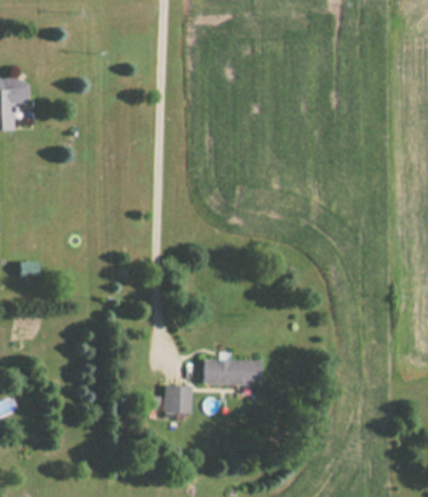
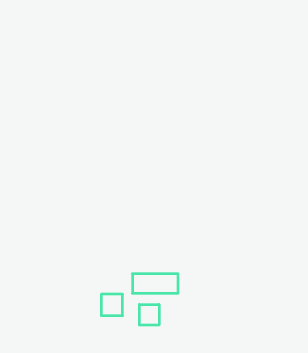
building: none -> [139,304,159,325]

